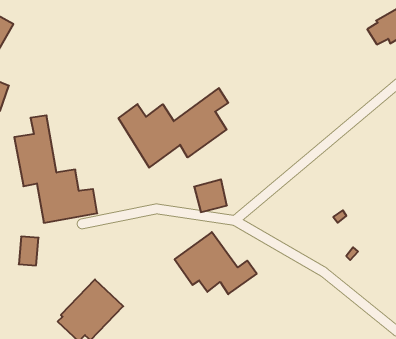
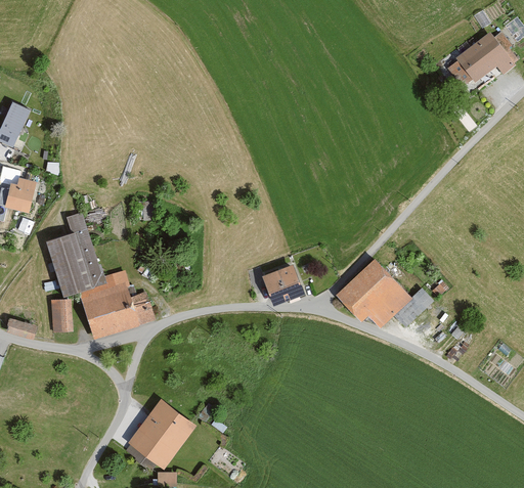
building: [119,88,228,168] -> none
building: [175,232,257,294] -> [337,258,435,328]
building: [19,237,39,265] -> [50,300,72,334]

